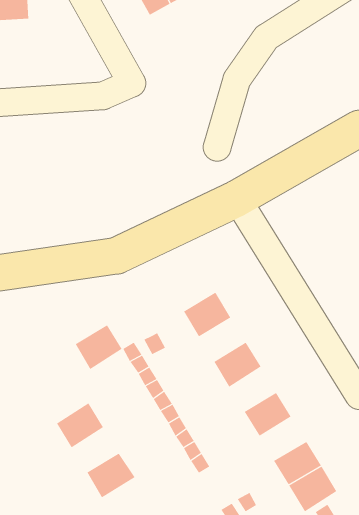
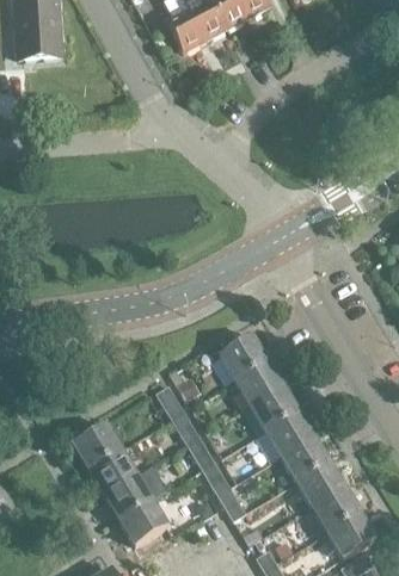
building: none -> [233,359,282,404]
building: [75,324,123,370] -> [72,421,121,467]
building: none -> [264,409,313,456]
building: none -> [295,460,344,506]
building: none -> [103,471,152,518]

